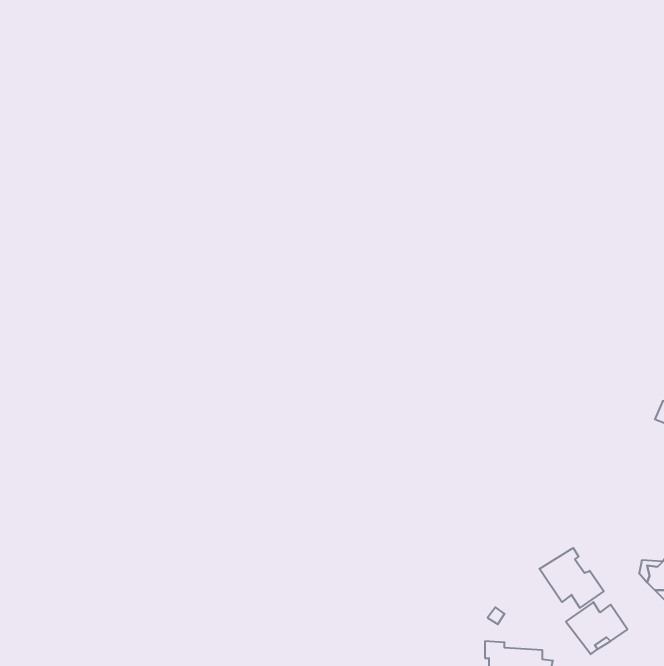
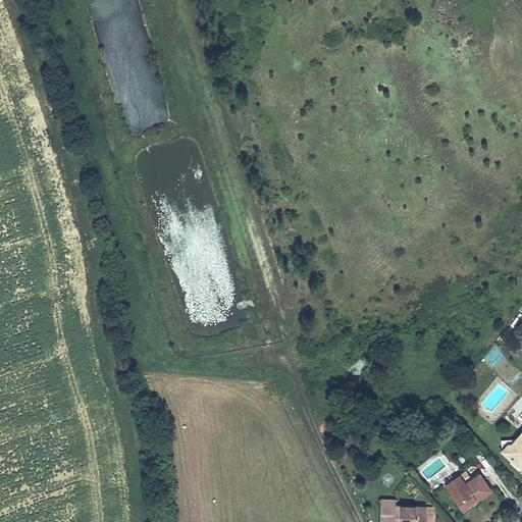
building: [539,548,604,608] -> none

